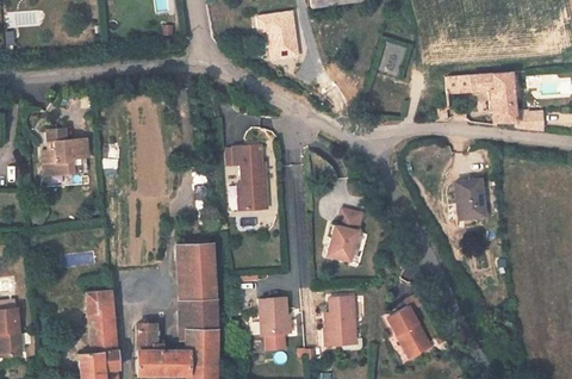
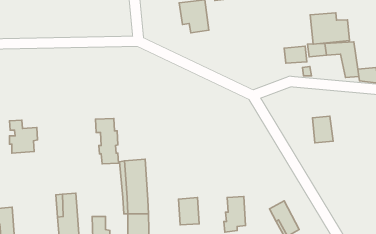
building: none -> [310,13,350,44]
building: none -> [284,46,307,63]
building: [48,129,88,176] -> [9,120,38,153]
building: [234,141,267,206] -> [95,118,119,164]
building: [327,206,362,257] -> none

